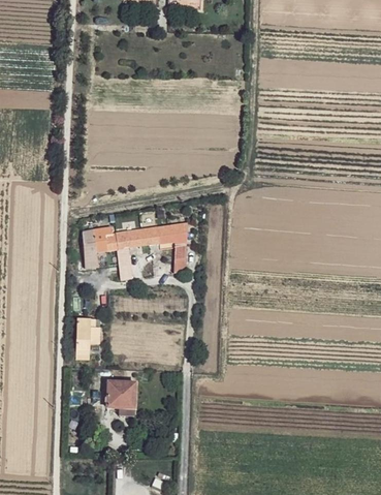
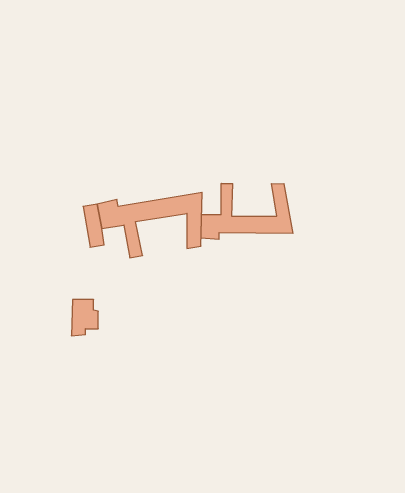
building: none -> [201,183,293,239]
building: [107,378,134,415] -> none

